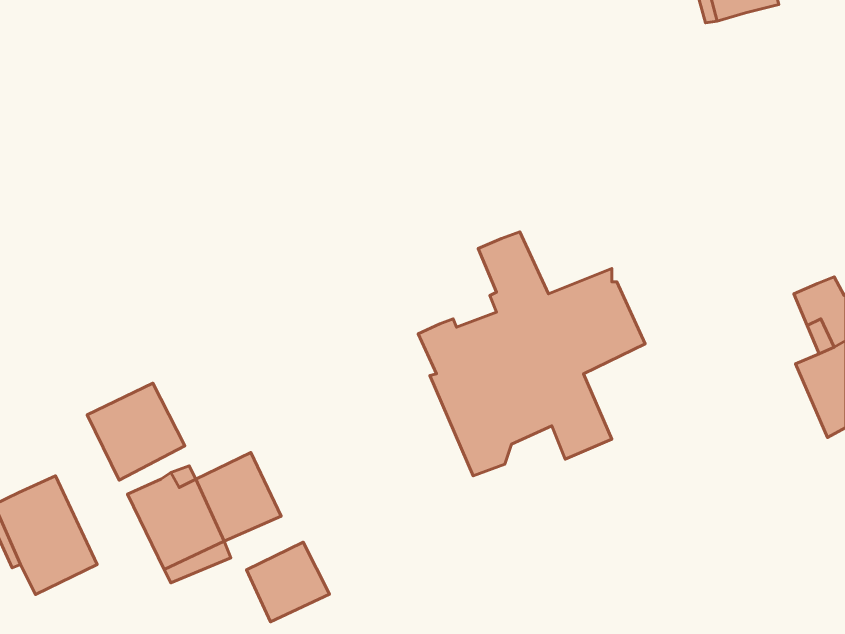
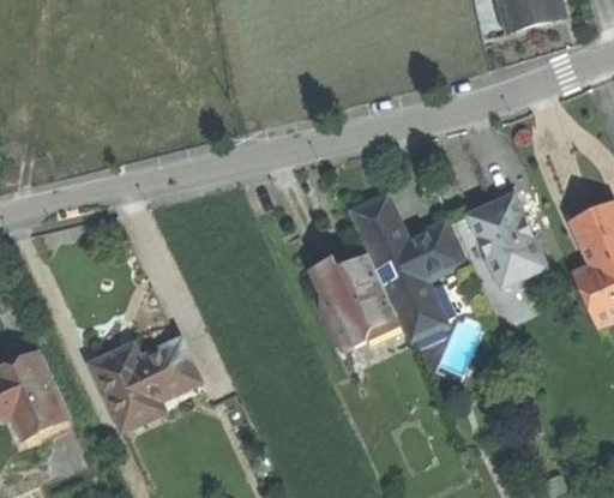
building: none -> [465,198,542,277]
building: [87,383,185,480] -> none
building: [247,542,330,622] -> none

